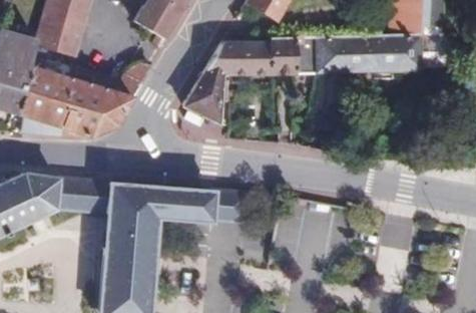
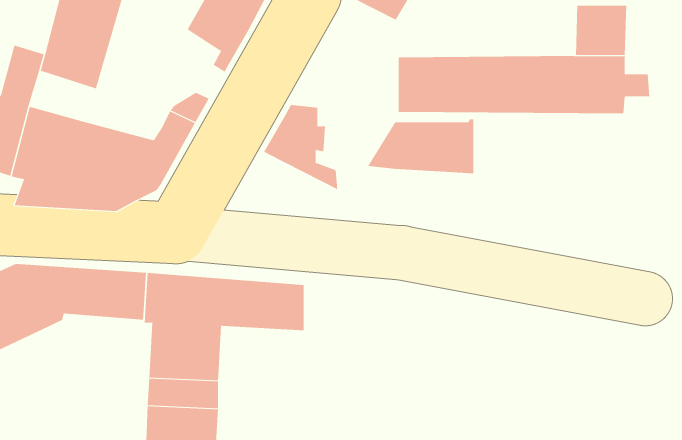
building: [202,38,273,74] -> [367,119,474,174]
building: [211,188,242,219] -> none

